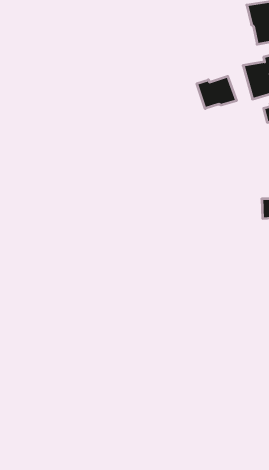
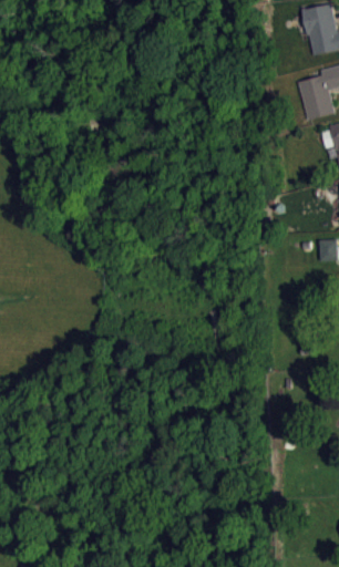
building: [197,76,236,109] -> none

